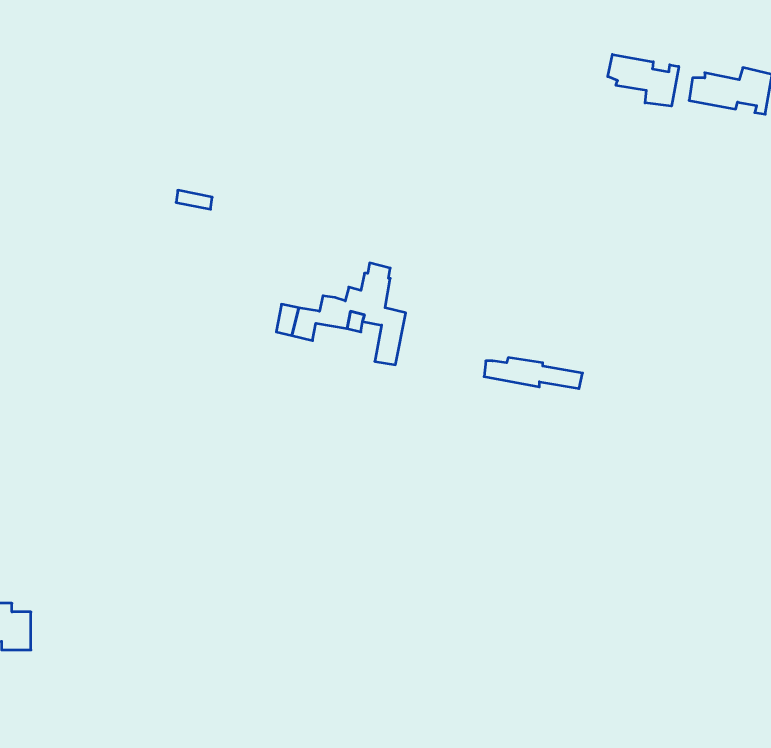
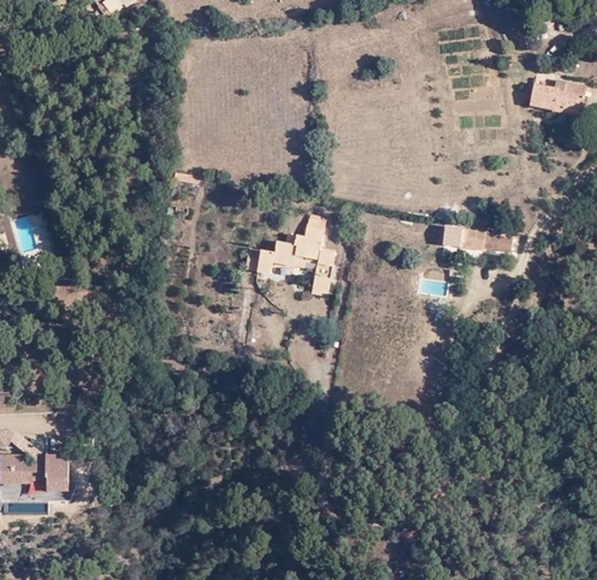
building: [608,54,679,106] -> none
building: [484,358,583,389] -> [442,227,510,249]

